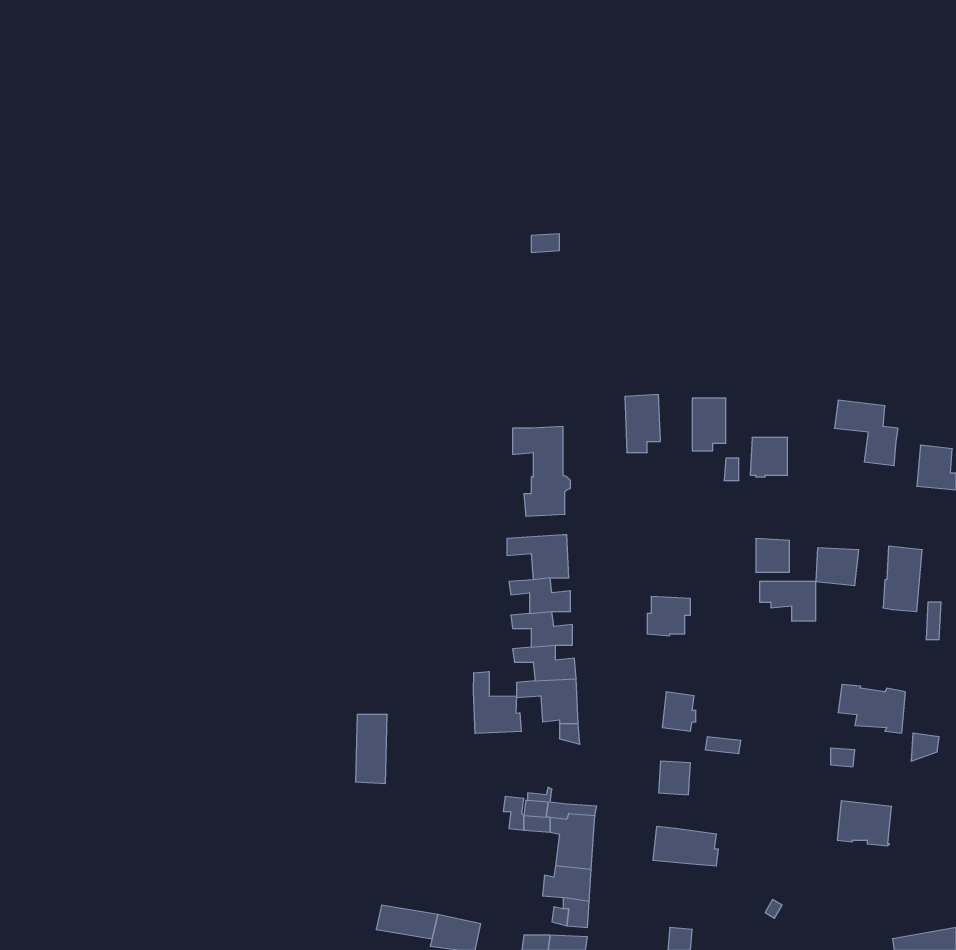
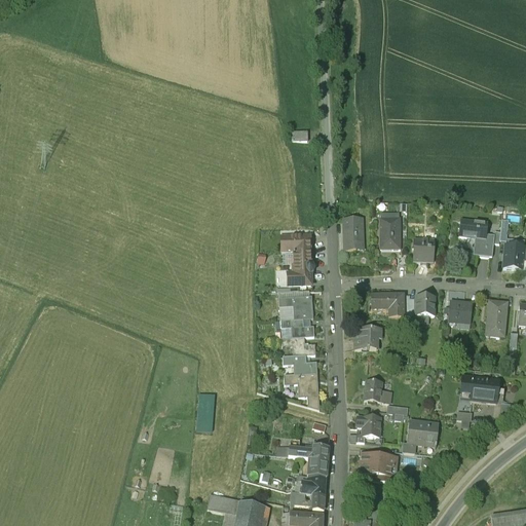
building: [760,582,816,621] -> [371,293,402,314]
building: [473,671,521,734] -> none
building: [837,801,892,846] -> [407,421,437,446]

